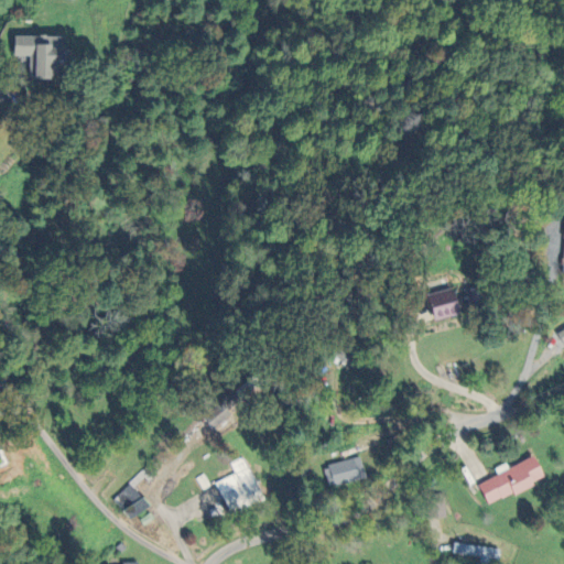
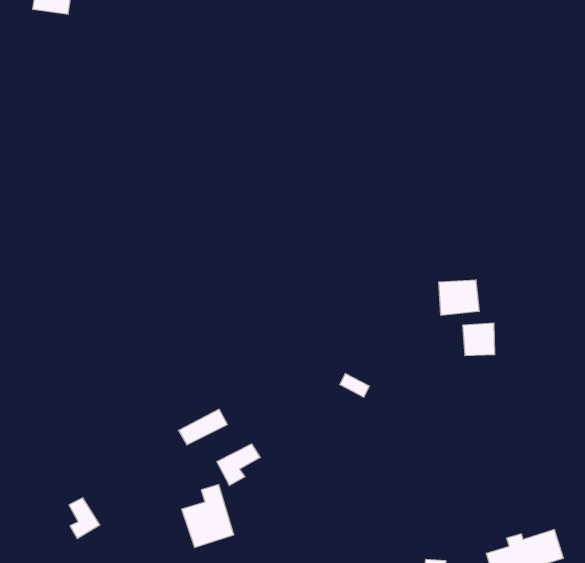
building: none -> [439,280,479,315]
building: none -> [217,444,260,486]
building: [324,456,366,487] -> none

